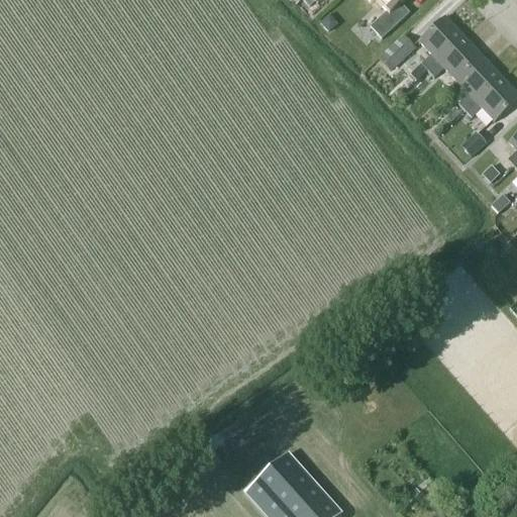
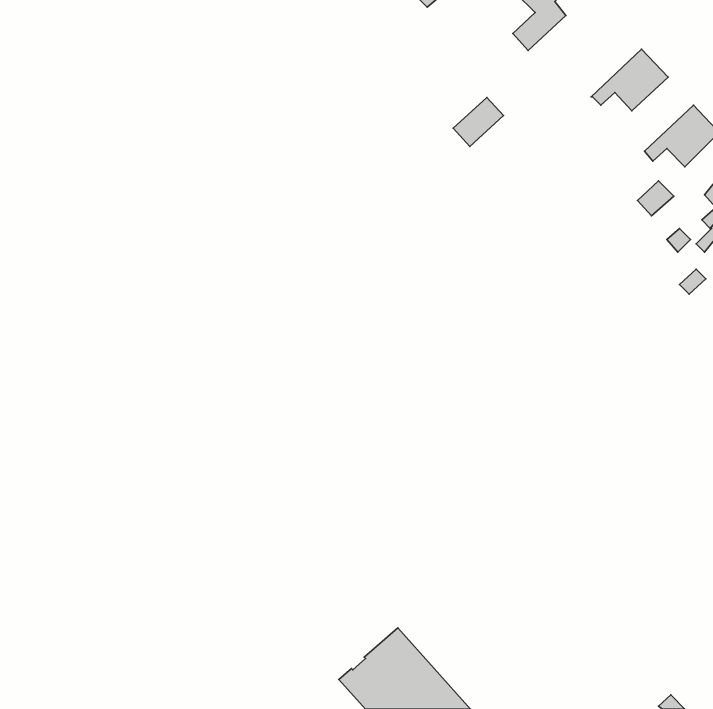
building: [420,15,464,70] -> none
building: [380,34,416,70] -> [453,97,504,146]
building: [457,56,502,109] -> none

